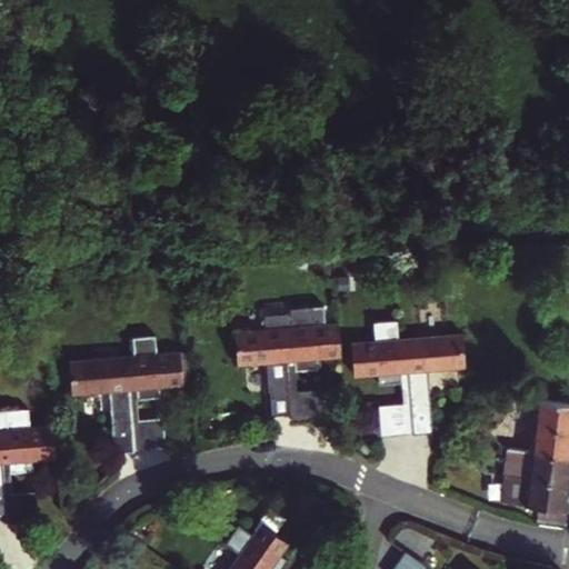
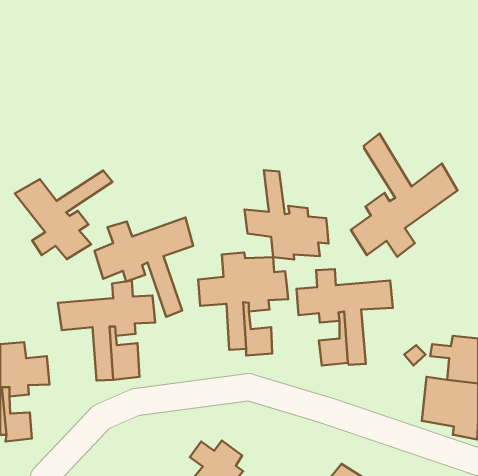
building: none -> [351,134,457,257]
building: none -> [245,170,329,260]
building: none -> [15,171,113,259]
building: none -> [95,217,193,317]

